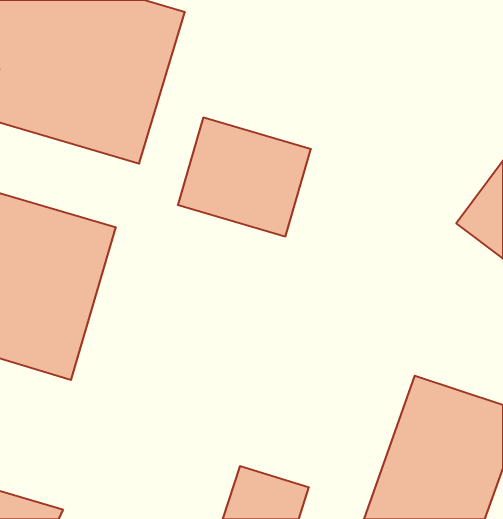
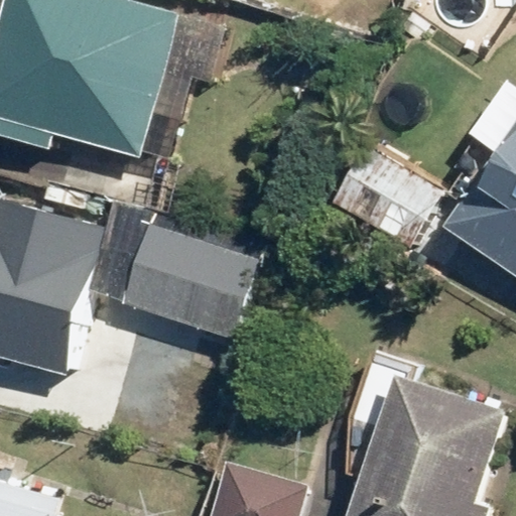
building: [178,118,311,236] -> [128,224,260,342]
building: none -> [337,146,447,251]

